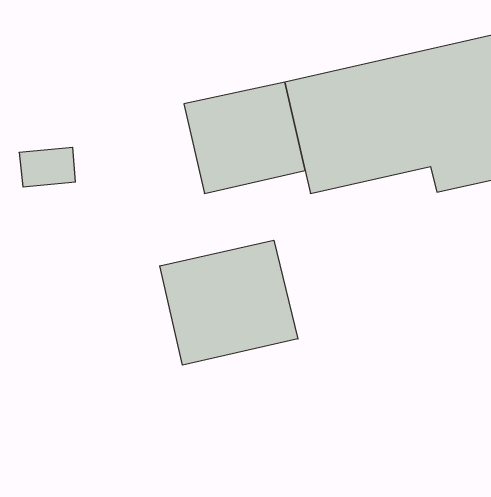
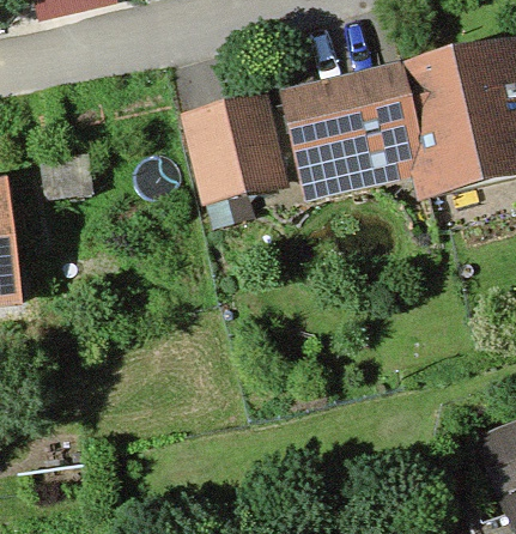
building: [160,240,298,365] -> none

